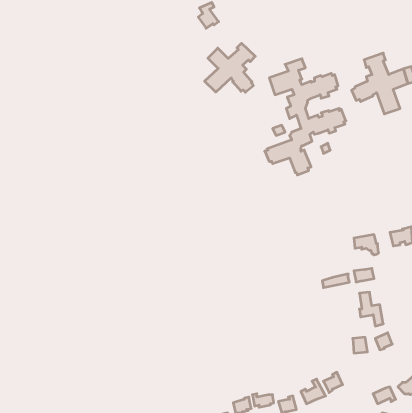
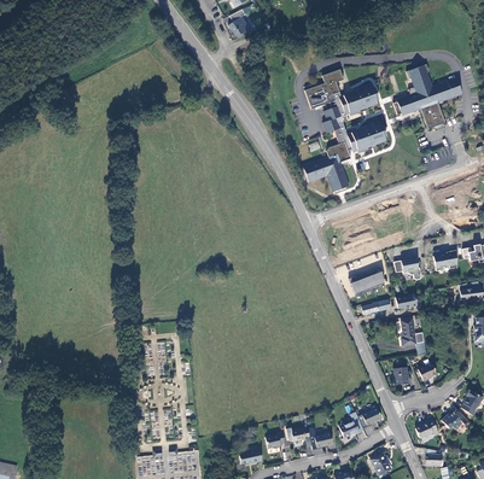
building: [205,43,255,92] -> none
building: none -> [348,268,384,297]

